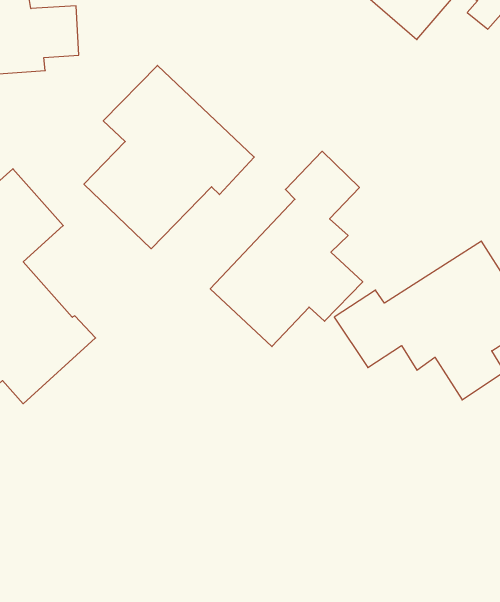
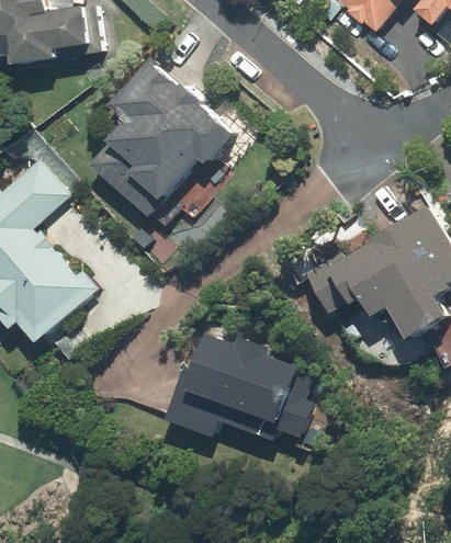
building: [210,151,363,347] -> none
building: none -> [166,333,300,441]

